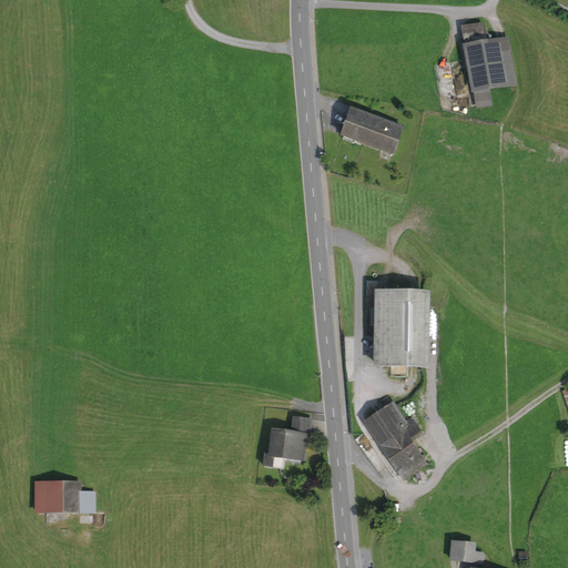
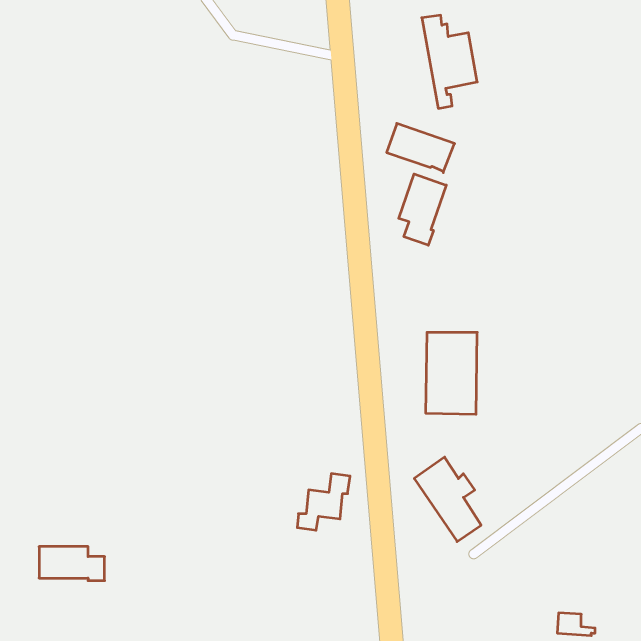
building: [463,23,511,105] -> [422,15,477,108]
building: none -> [399,174,446,245]
building: [449,540,483,560] -> [557,613,595,636]

